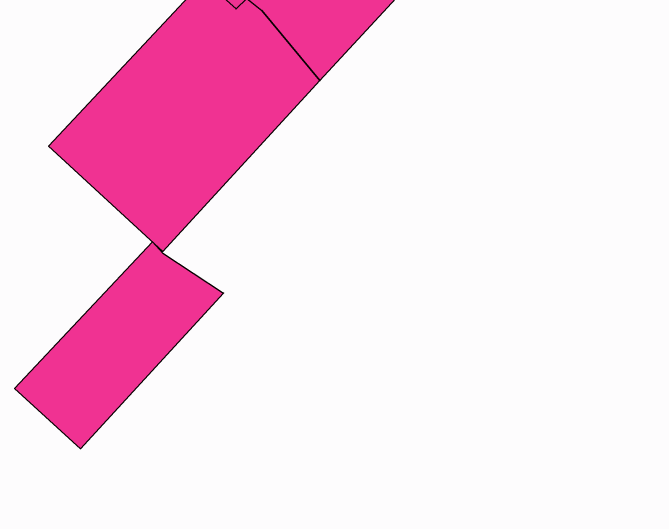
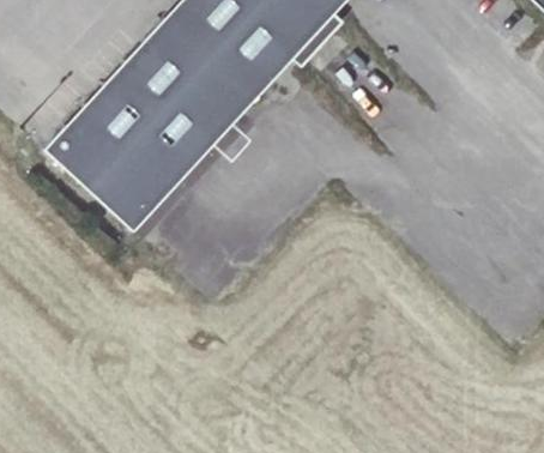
building: [15,242,224,449] -> none

